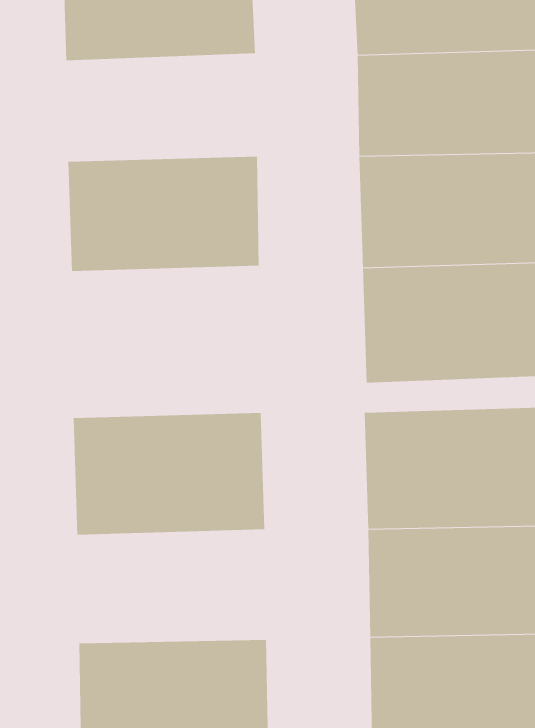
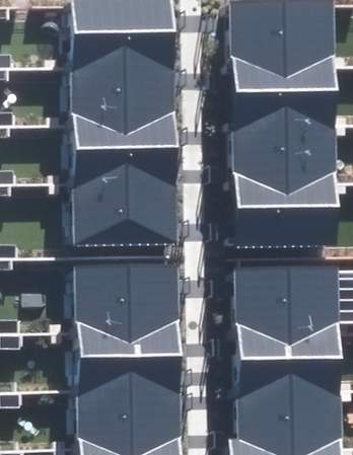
building: none -> [69,64,175,124]
building: none -> [72,181,178,248]
building: none -> [75,327,181,390]

